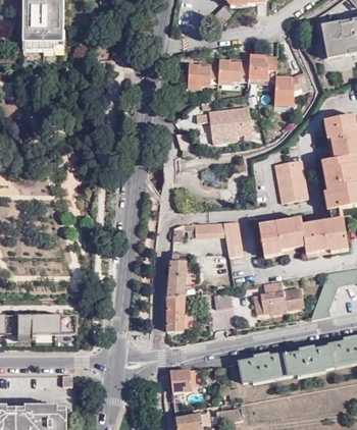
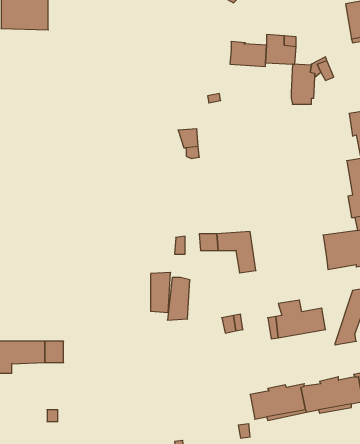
building: [191,60,221,83] -> none
building: [196,106,253,143] -> none
building: [274,158,307,202] -> none
building: [258,217,304,256] -> none
building: [166,295,184,330] -> [151,272,171,312]
building: [168,368,194,391] -> none

